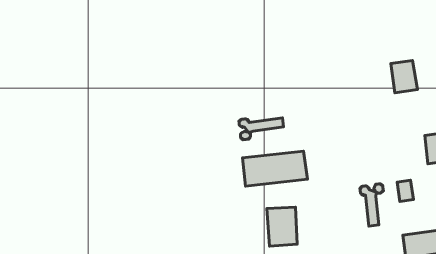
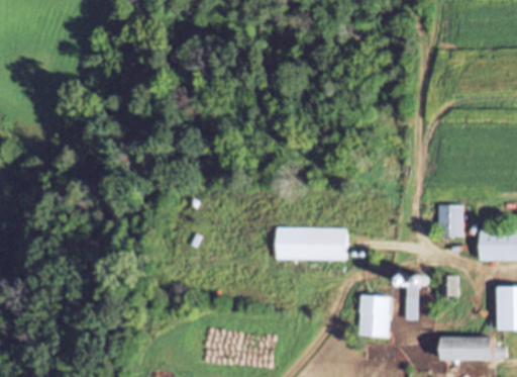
building: [391,60,418,93] -> [438,204,463,237]
building: [239,118,284,140] -> none
building: [267,207,297,246] -> [357,294,392,338]

